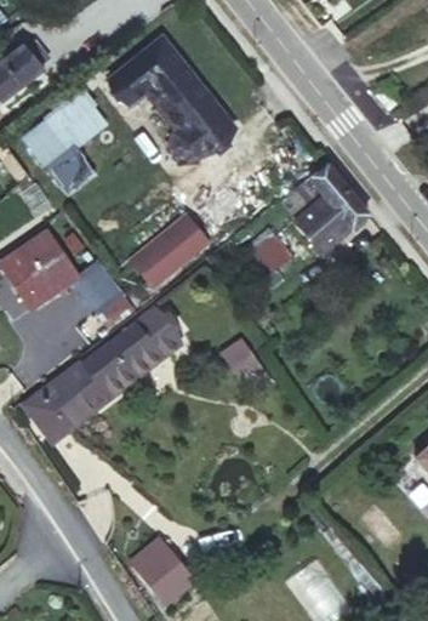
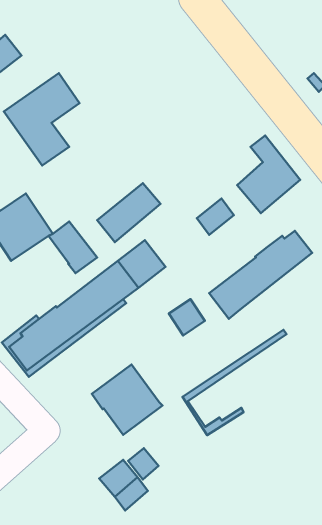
building: [110,39,233,159] -> none
building: none -> [209,231,312,319]
building: none -> [183,330,286,435]
building: none -> [92,365,162,435]

